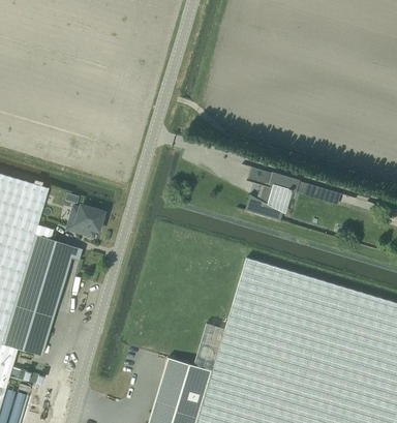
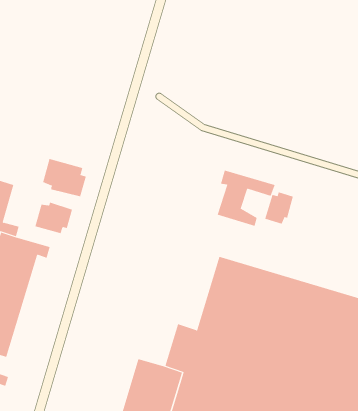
building: none -> [42,158,86,197]
building: none -> [264,192,294,224]

